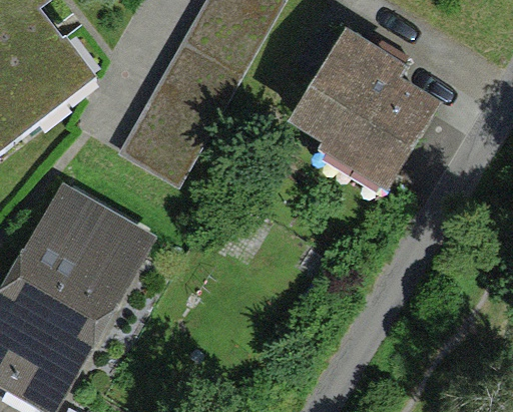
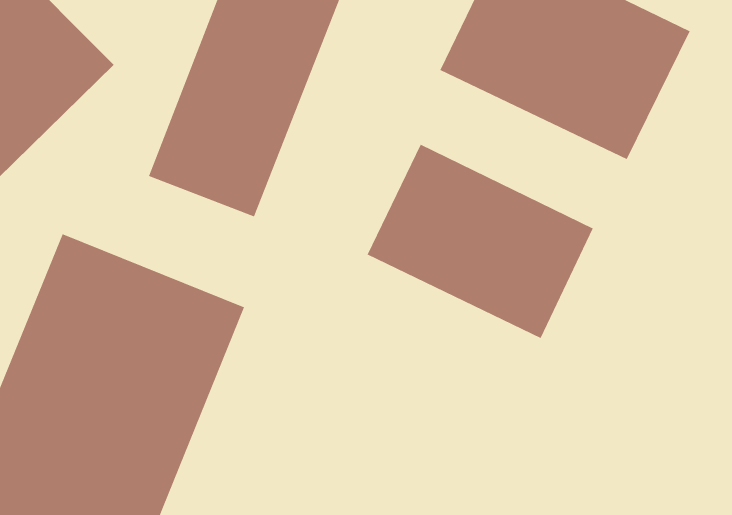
building: none -> [367,144,594,339]

